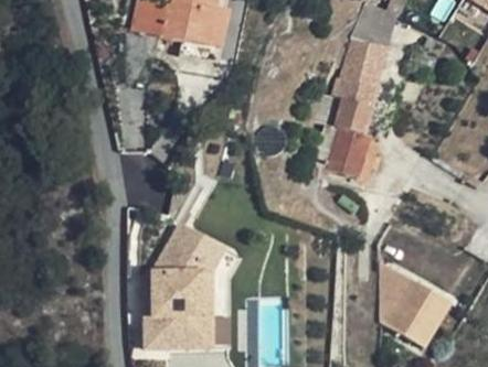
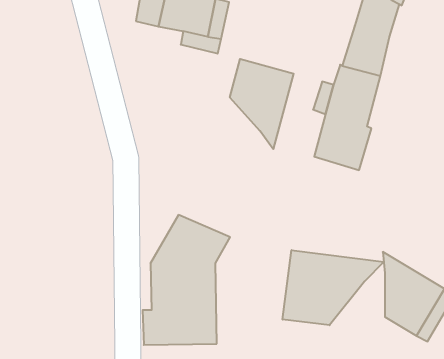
building: none -> [230,59,294,149]
building: none -> [283,250,384,325]

